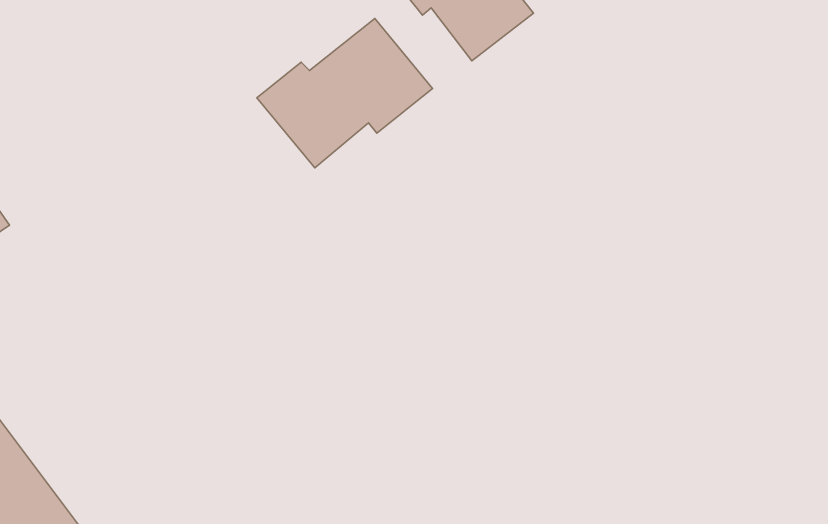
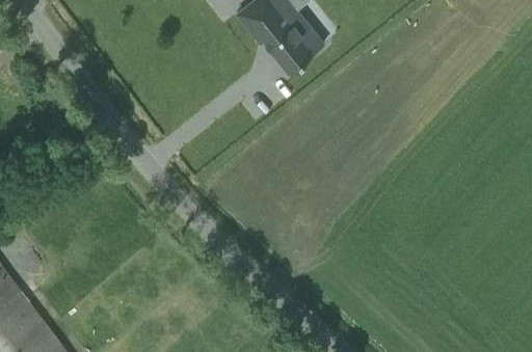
building: [257,18,433,168] -> none

